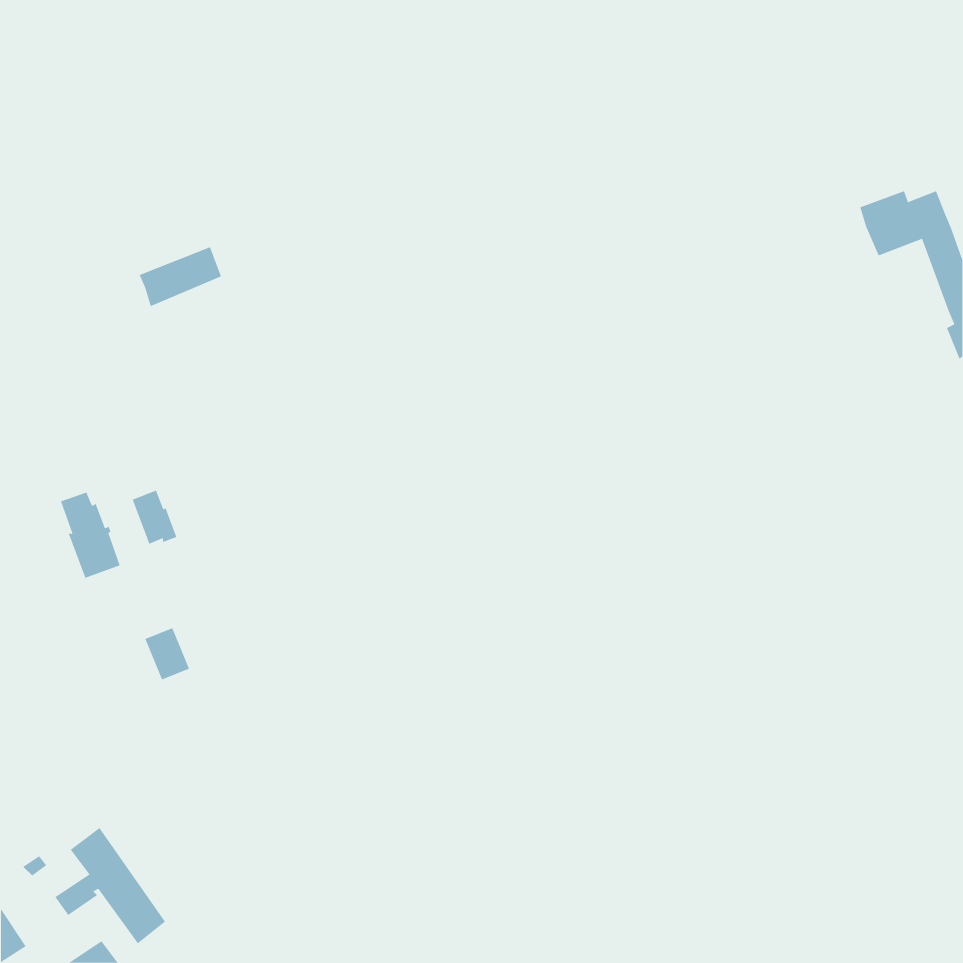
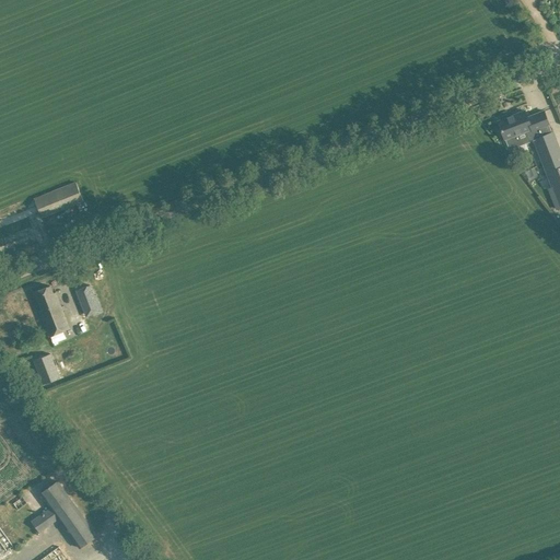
building: [139,246,222,307] -> [35,183,83,218]
building: [144,627,190,680] -> [34,353,60,384]

